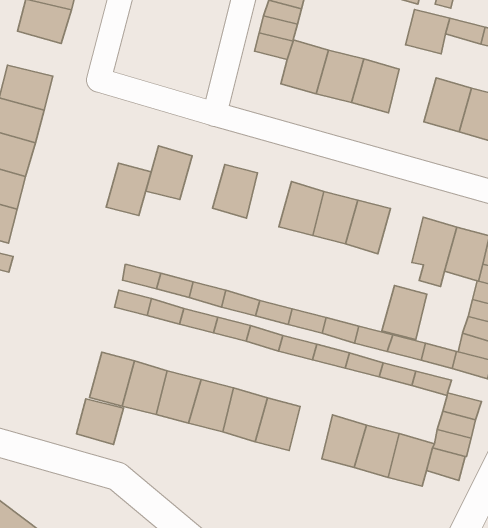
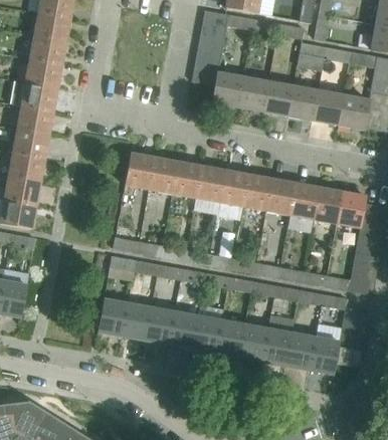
building: none -> [20,81,56,111]
building: none -> [287,85,319,121]
building: [106,163,151,216] -> [148,158,177,193]
building: none -> [192,166,224,214]
building: [382,286,427,339] -> [288,183,318,219]
building: [76,399,123,445] -> none
building: none -> [238,325,266,361]

